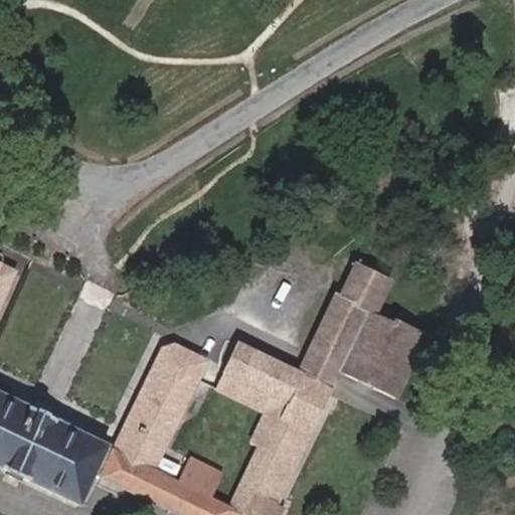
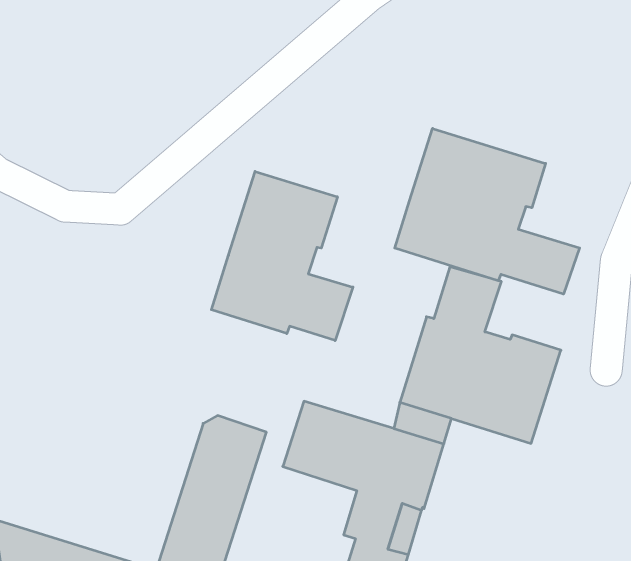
building: none -> [395,128,580,294]
building: none -> [211,171,353,341]

